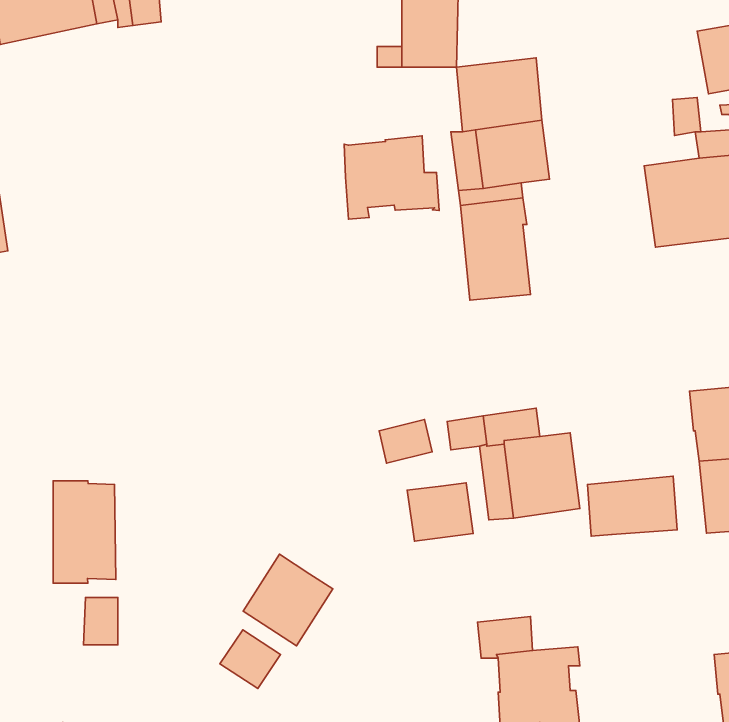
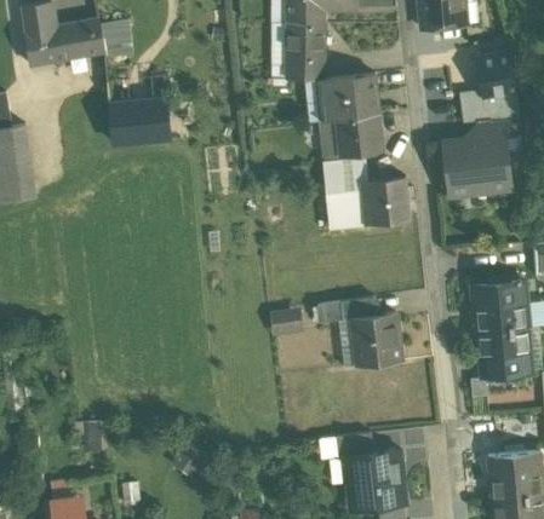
building: none -> [110,99,171,142]
building: [344,136,439,219] -> none
building: none -> [366,177,410,225]
building: [587,476,677,536] -> none
building: [53,481,116,583] -> none
building: [407,483,473,541] -> none
building: [243,554,333,646] -> none

